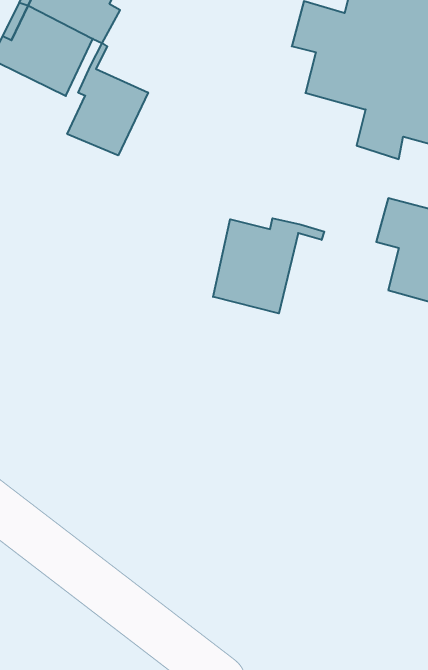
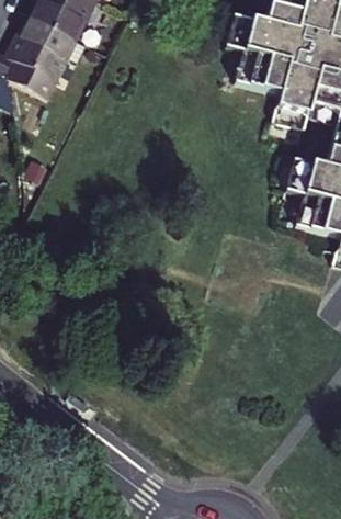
building: [67,43,148,155] -> none
building: [213,218,324,313] -> none

